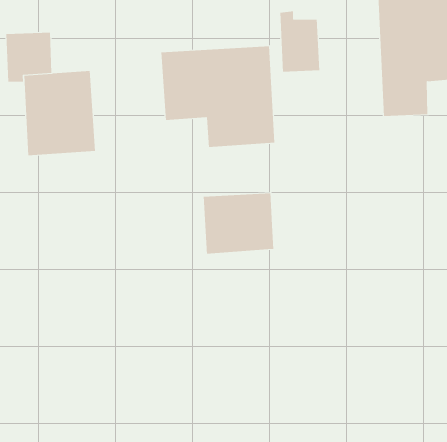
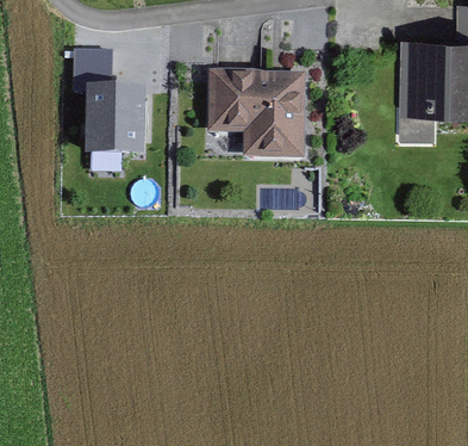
building: [280,10,320,73] -> none
building: [203,192,274,255] -> none

